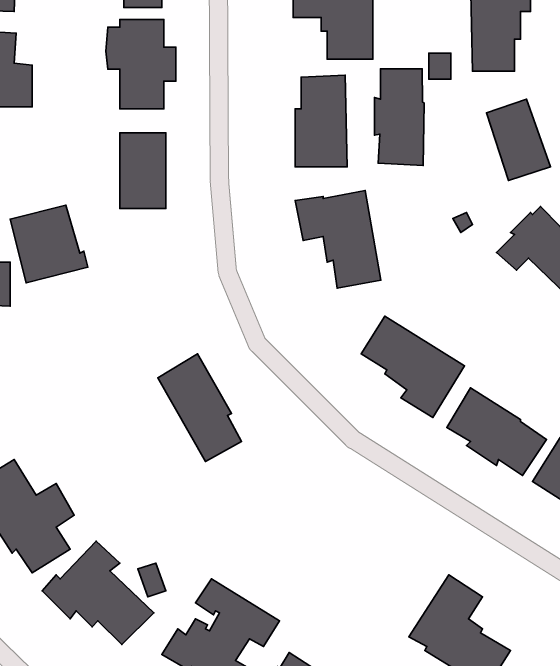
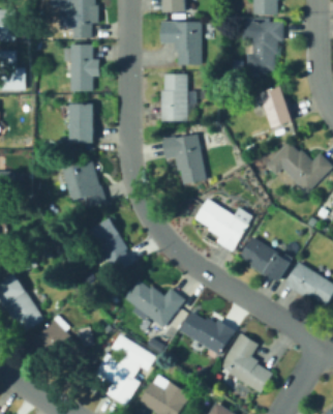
building: [375,69,424,165] -> none
building: [10,205,88,283] -> [63,161,103,202]
building: none -> [124,279,184,328]
building: none -> [179,312,234,356]

